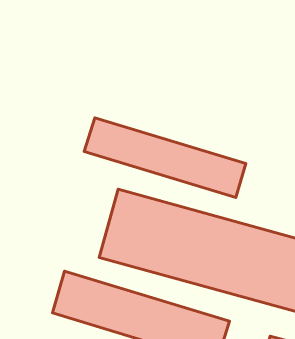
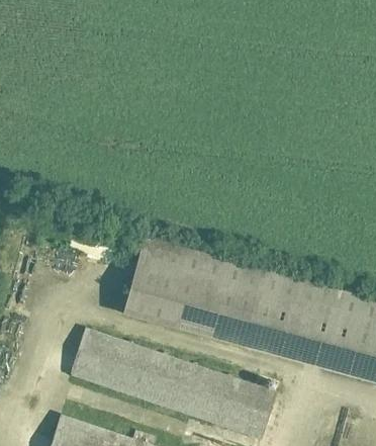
building: [84,118,246,198] -> none

